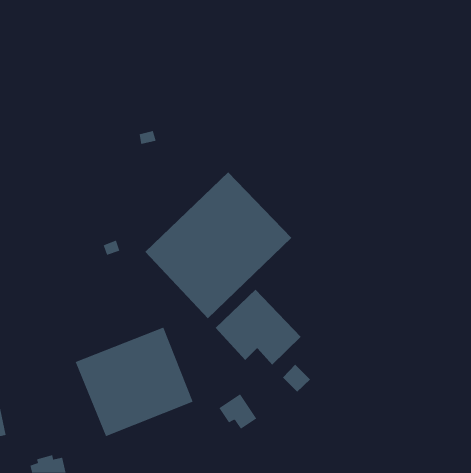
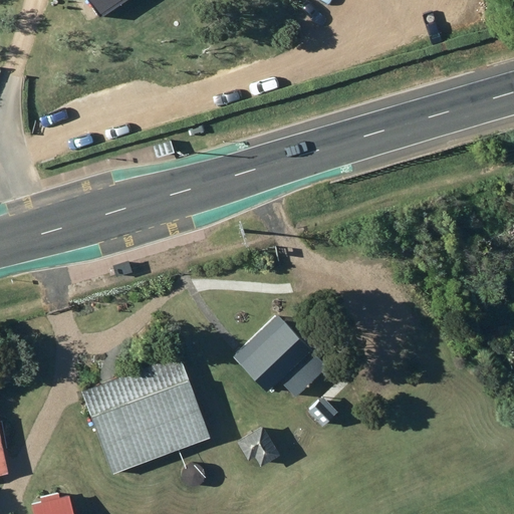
building: [144,172,292,319] -> none

